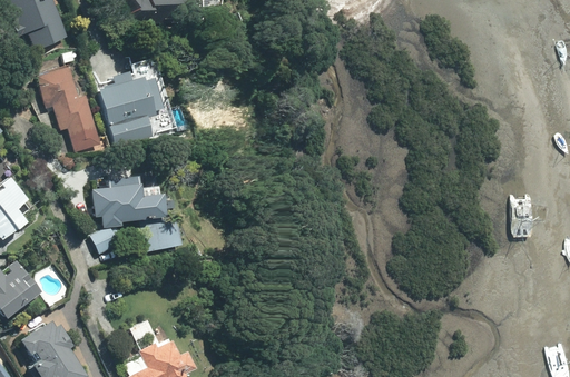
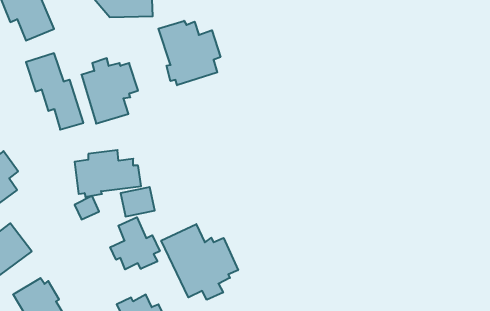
building: none -> [158,21,220,85]
building: none -> [110,217,160,269]
building: none -> [161,224,238,300]

